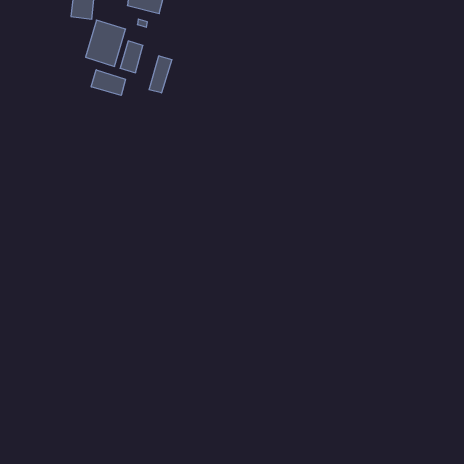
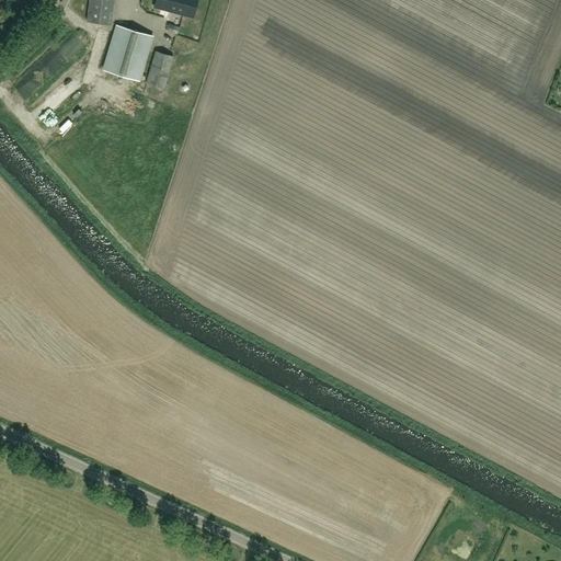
building: [149,56,172,93] -> none
building: [91,70,126,95] -> none

